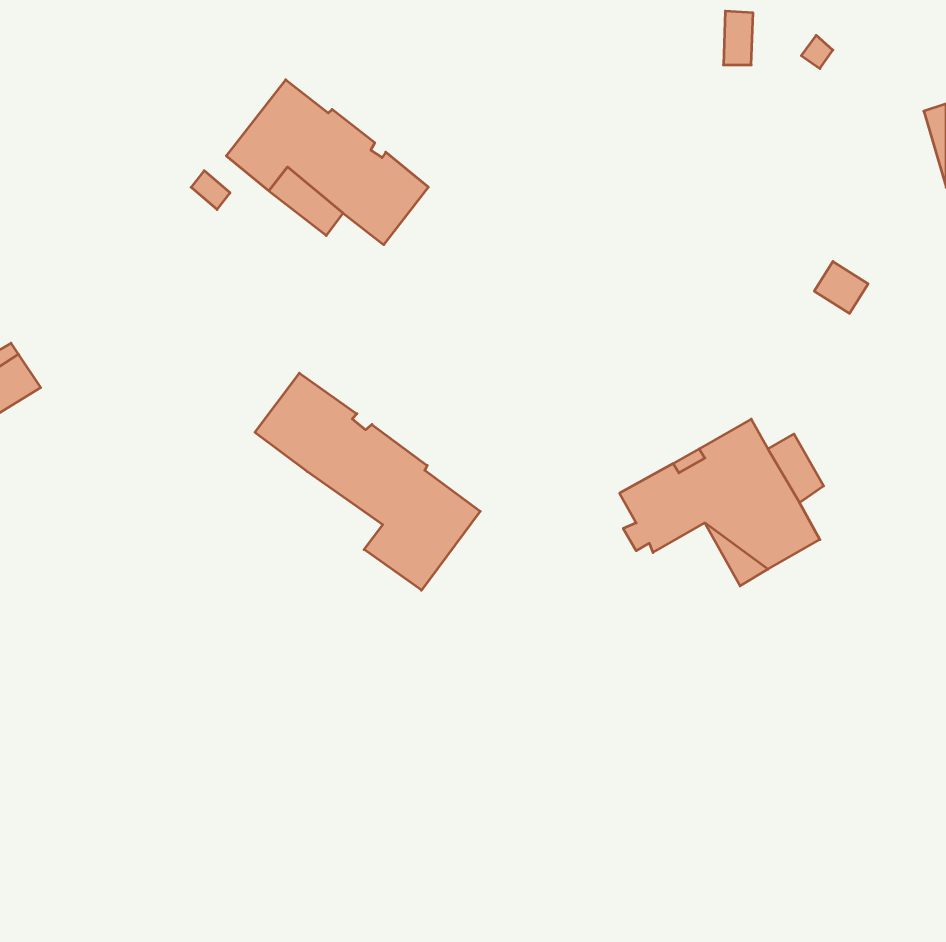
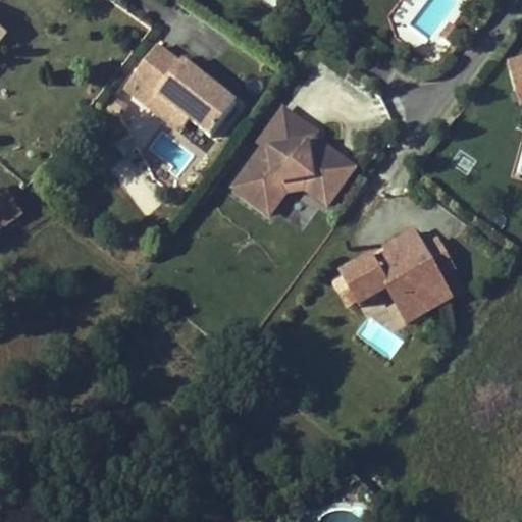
building: none -> [233,108,354,212]
building: [255,373,480,590] -> none

